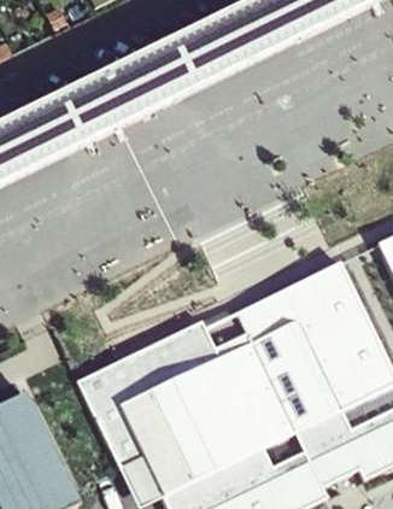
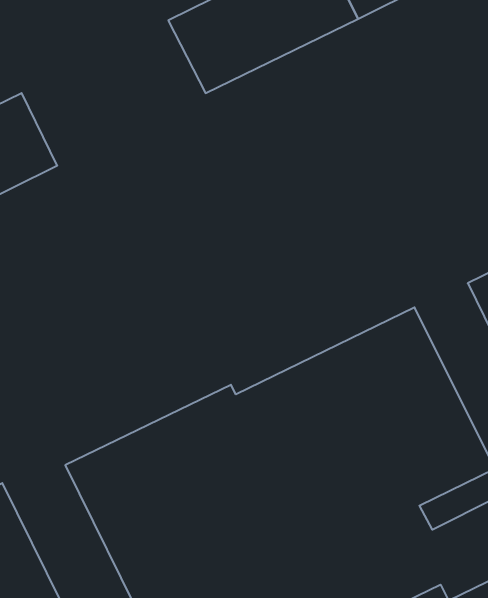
building: [42,45,180,153] -> none

